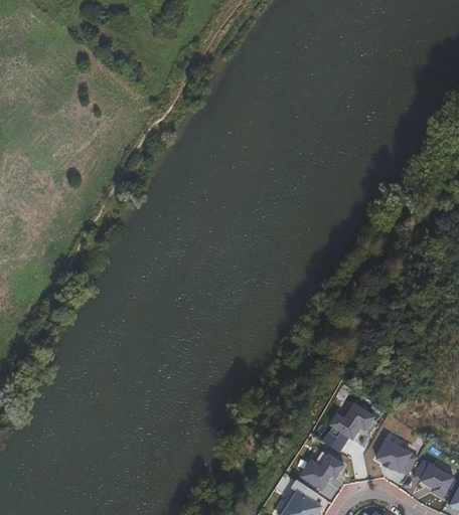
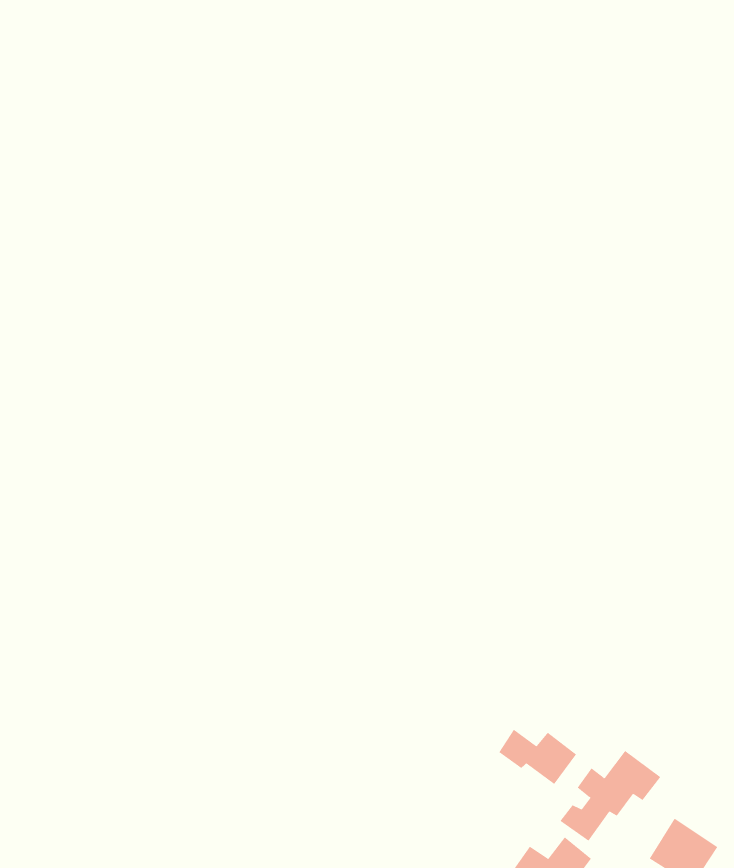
building: none -> [499,729,577,785]

